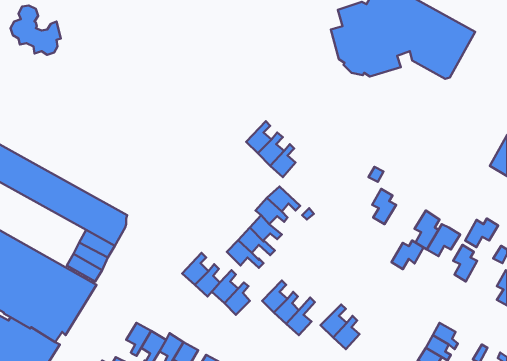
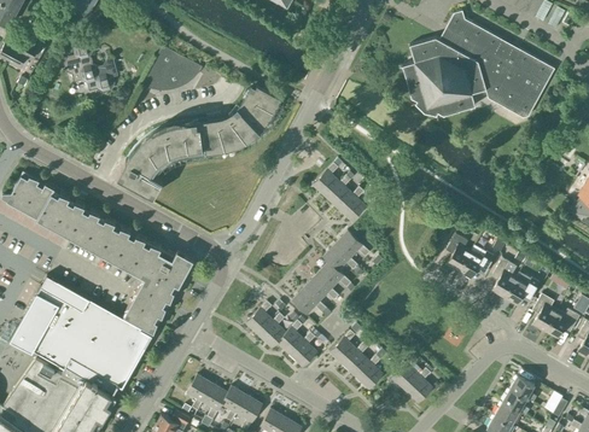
building: none -> [141,46,203,91]
building: none -> [117,86,281,197]
building: [465,219,498,247] -> [544,309,579,339]
building: [392,240,424,269] -> [459,249,492,279]

